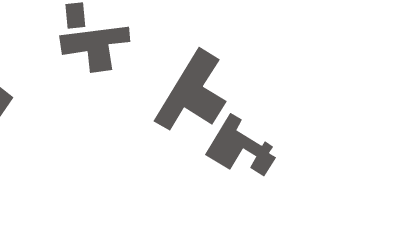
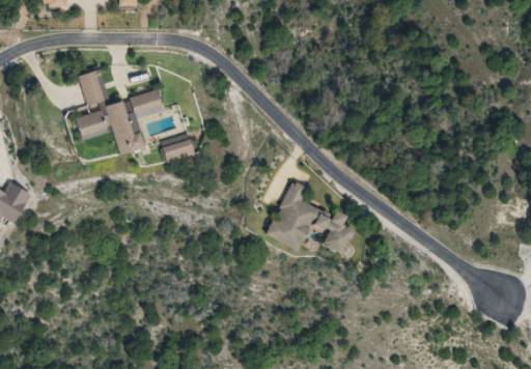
building: [153,45,228,132] -> none
building: none -> [162,135,194,161]

